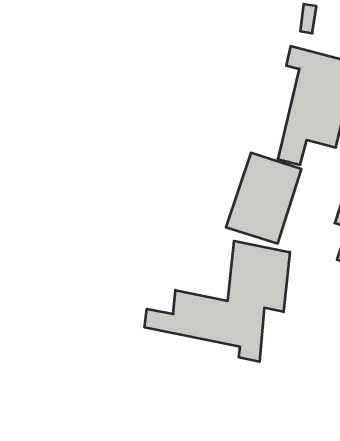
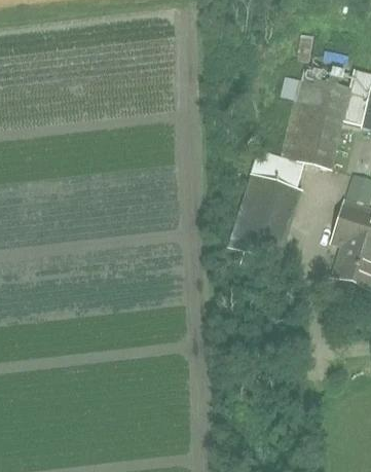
building: [145,241,290,362] -> none

